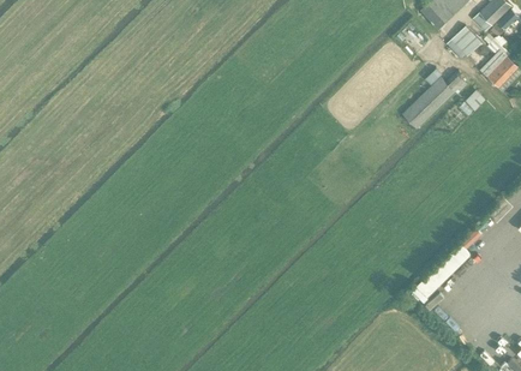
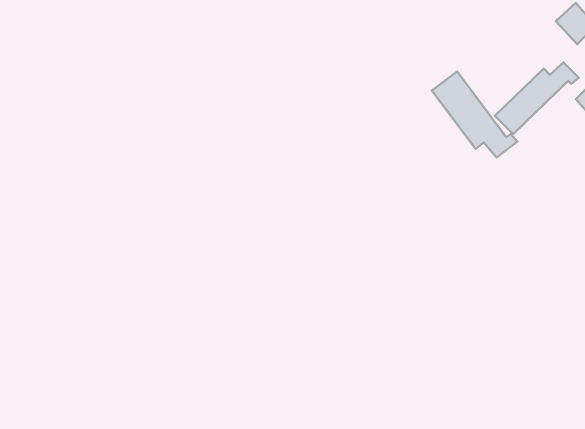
building: none -> [432,71,518,158]

